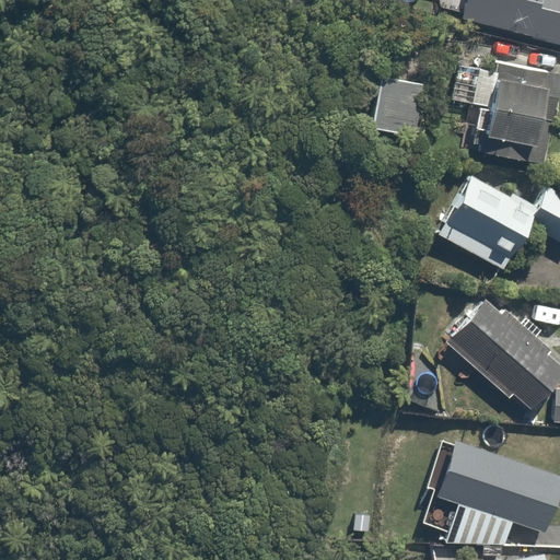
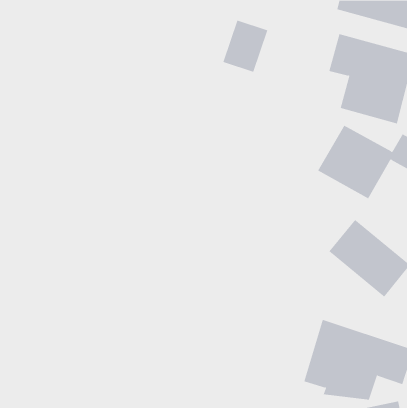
building: [370,73,432,145] -> [223,20,268,73]

